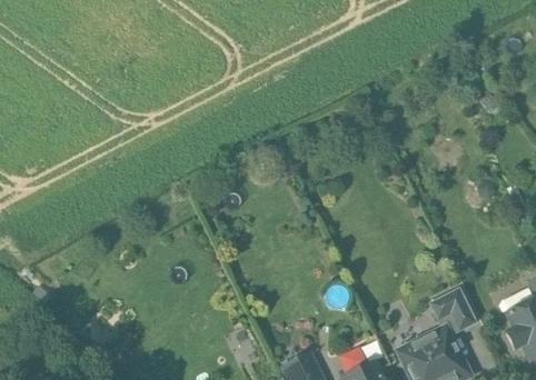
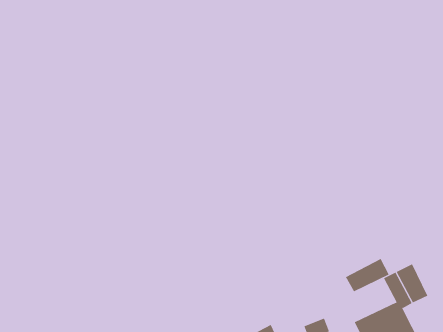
building: none -> [345,258,389,292]

